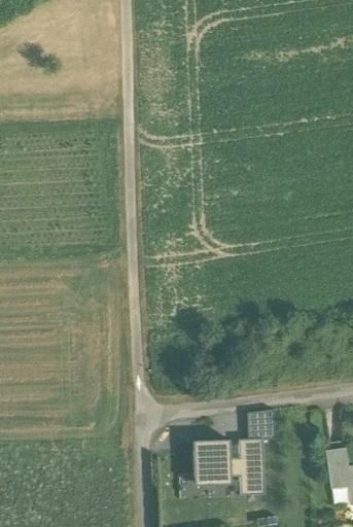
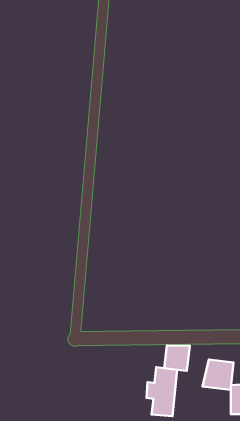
building: none -> [203,359,234,390]
building: [192,440,231,486] -> none

